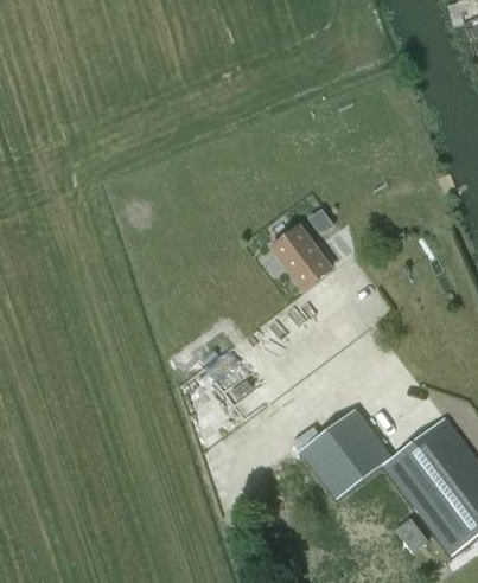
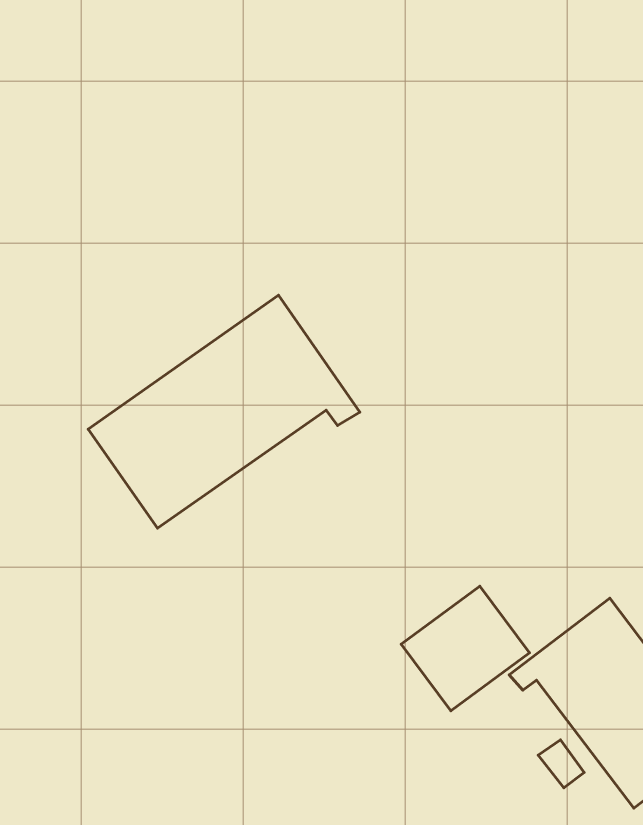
building: none -> [88,295,360,528]
building: [278,228,327,282] -> none

